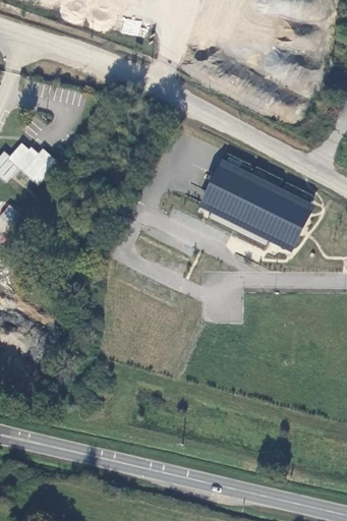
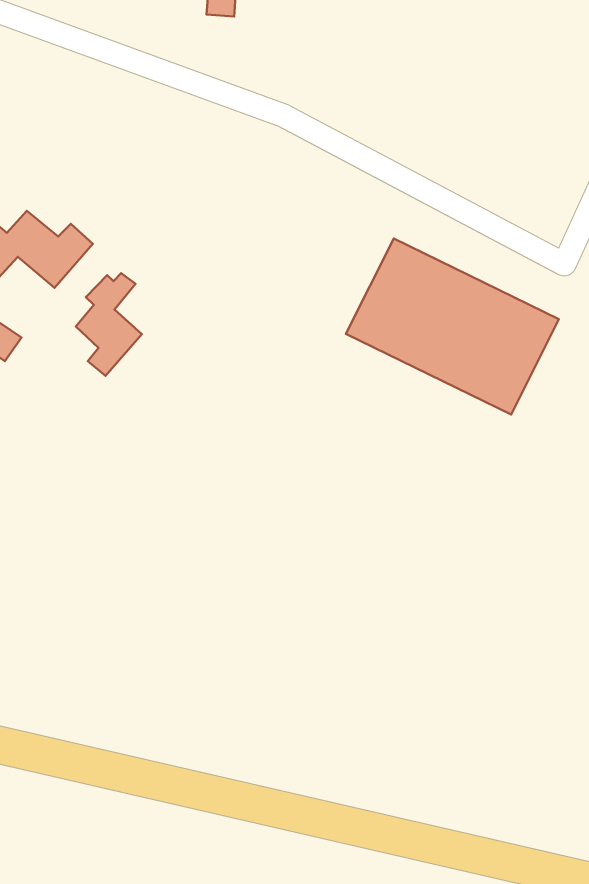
building: none -> [76,273,142,376]

